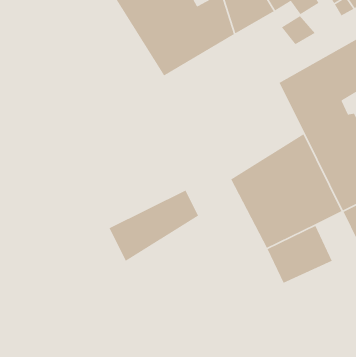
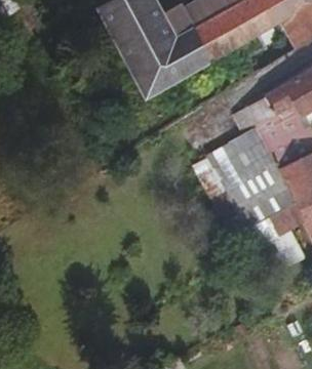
building: [109,189,199,262] -> [189,123,266,184]

